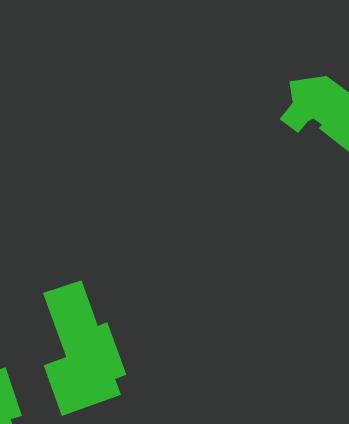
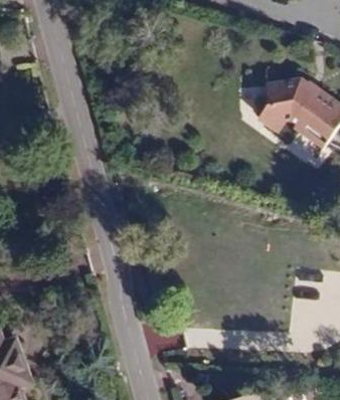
building: [42,280,127,417] -> none

